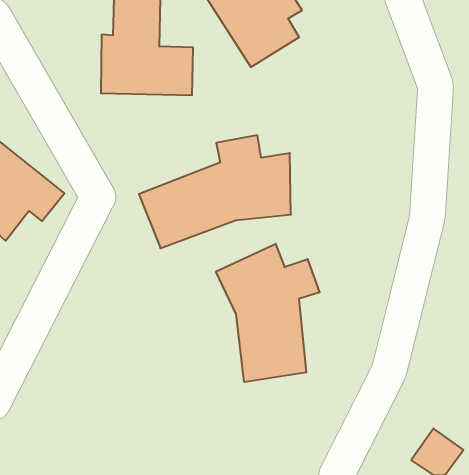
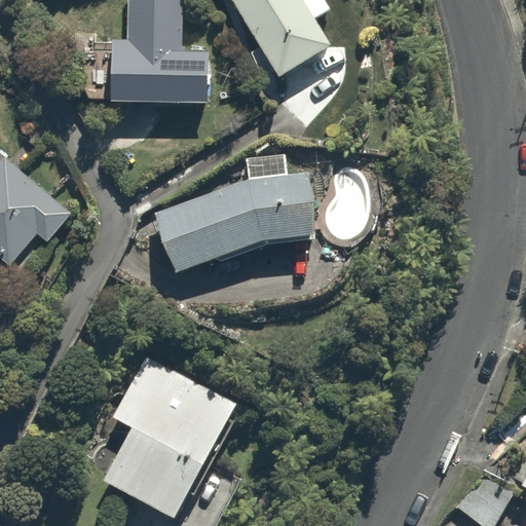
building: [216,244,320,382] -> none
building: none -> [104,352,238,519]

